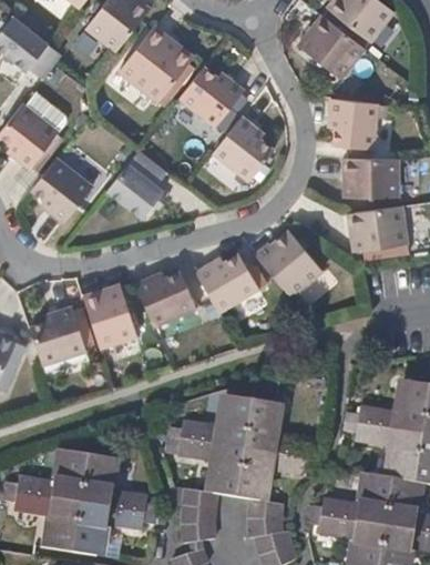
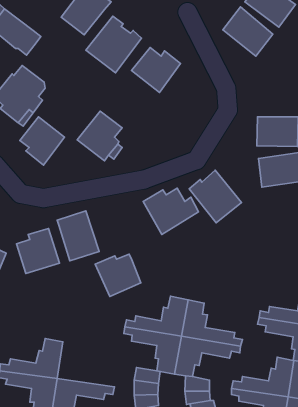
building: [329,99,380,151] -> none
building: [215,117,274,180] -> none
building: [135,270,195,325] -> [95,254,141,296]
building: [82,454,158,513] -> none

